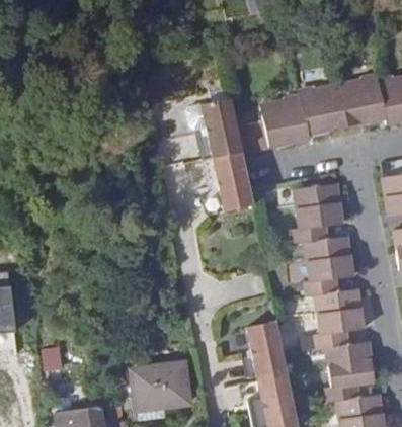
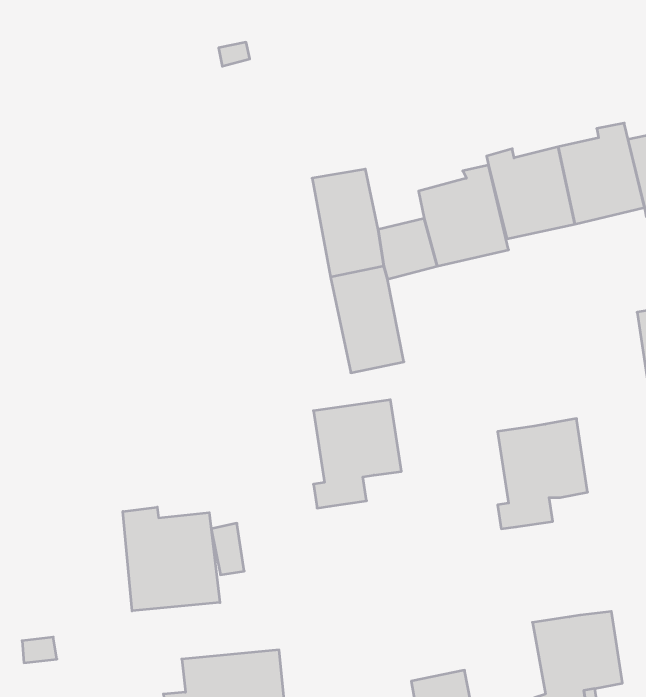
building: [296,183,344,243] -> [313,400,401,508]
building: none -> [123,507,220,611]
building: [315,288,364,348] -> none
building: [247,322,287,379] -> none

